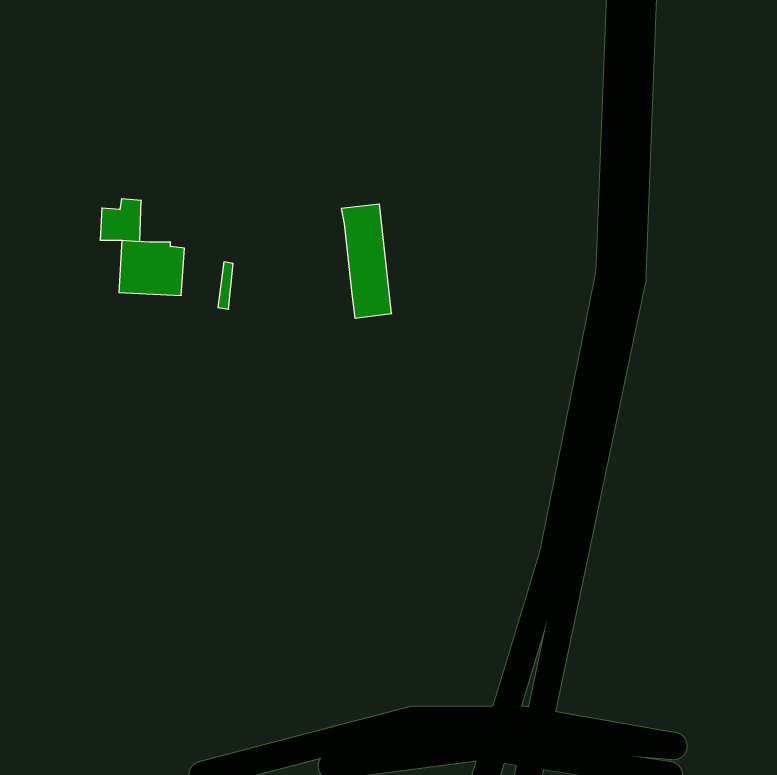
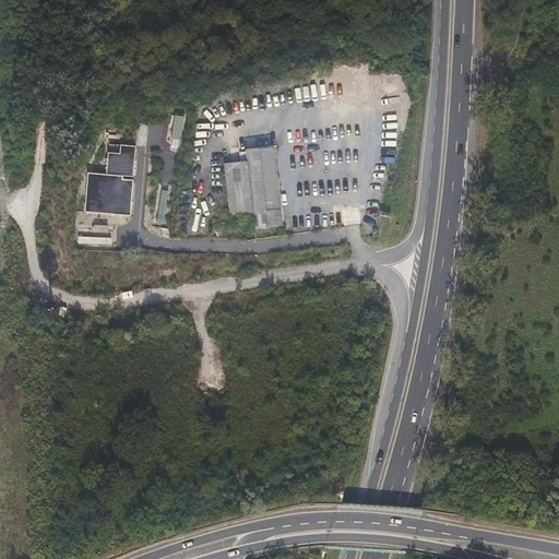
building: [100,199,141,242] -> [107,144,136,175]
building: none -> [225,160,252,213]

